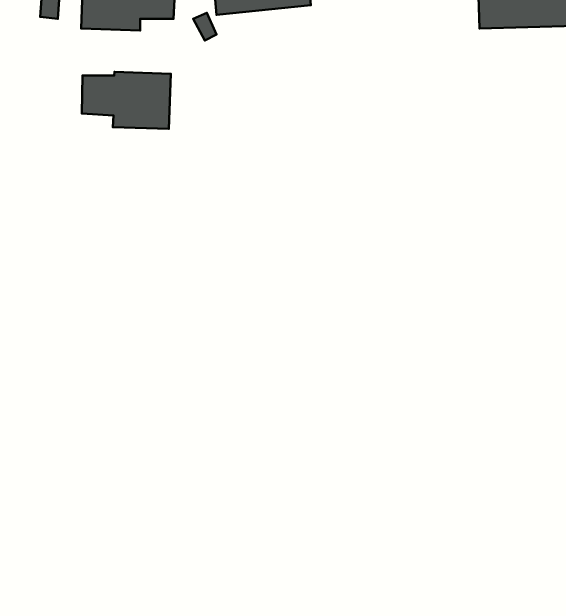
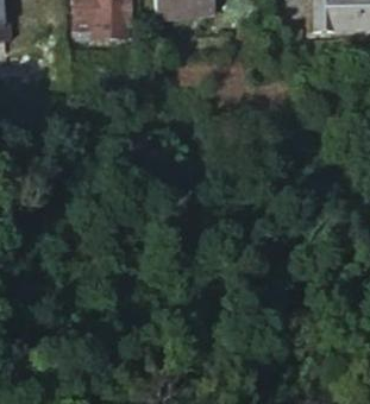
building: [82,72,171,129] -> none

